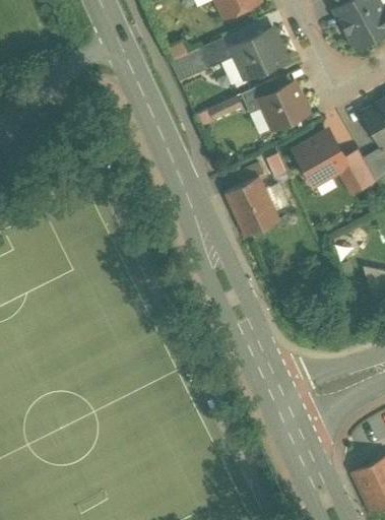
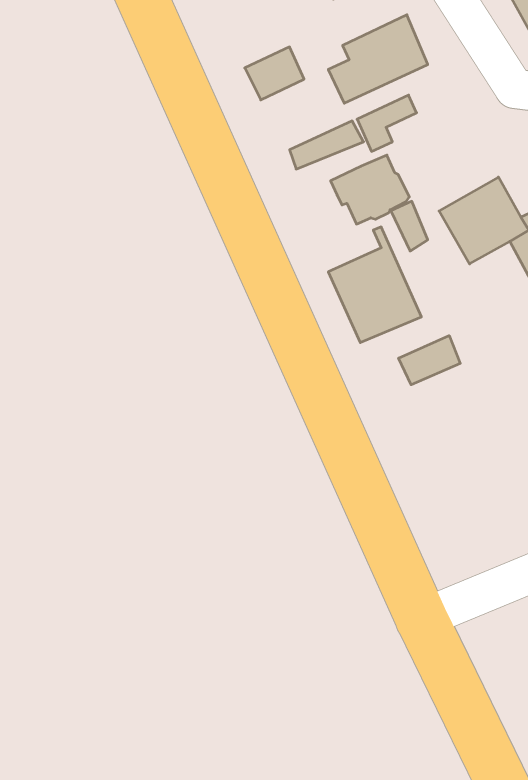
building: [199,37,237,68] -> none
building: [260,82,310,126] -> [331,155,409,224]
building: none -> [399,336,460,385]

